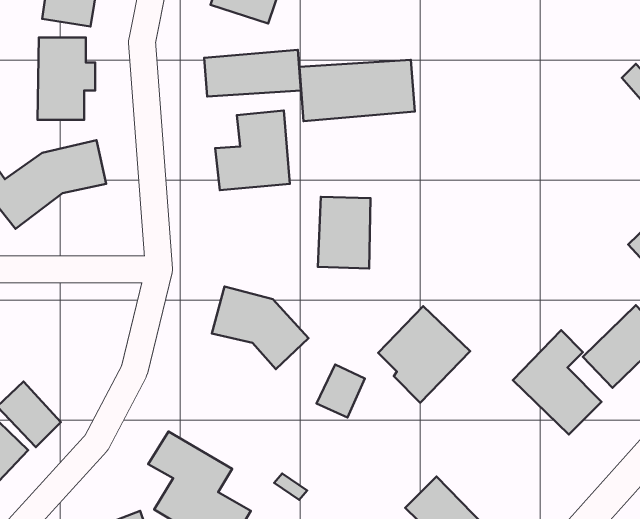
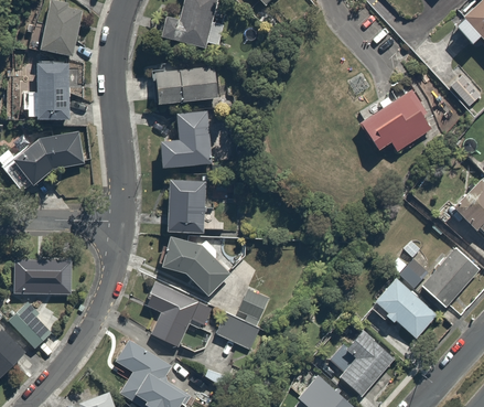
building: [299,60,415,121] -> none
building: none -> [357,92,430,153]
building: [318,197,371,268] -> [168,178,205,228]
building: [378,306,470,403] -> [331,325,396,394]
building: none -> [14,260,74,296]
building: none -> [146,283,217,345]
building: none -> [215,314,259,352]

